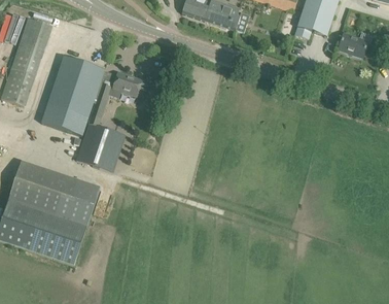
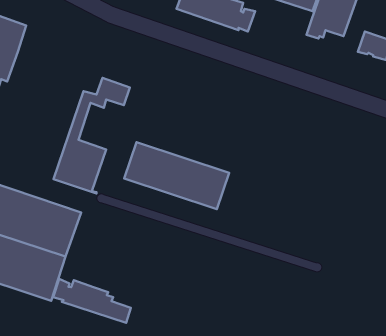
building: [41,55,105,135] -> none
building: none -> [124,142,229,209]
building: none -> [53,279,131,323]

